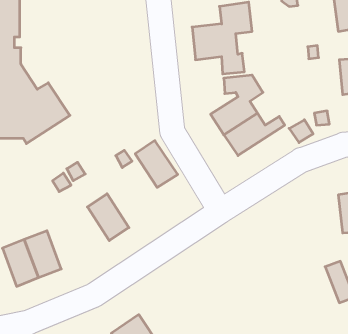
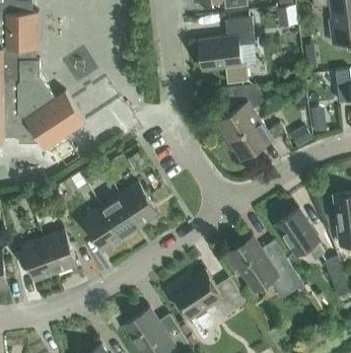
building: [135,141,178,187] -> [119,183,158,226]
building: none -> [81,207,121,251]
building: none -> [275,210,324,260]
building: none -> [229,239,301,298]
building: none -> [170,271,245,319]

